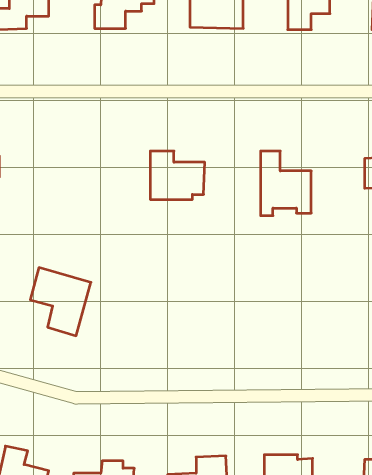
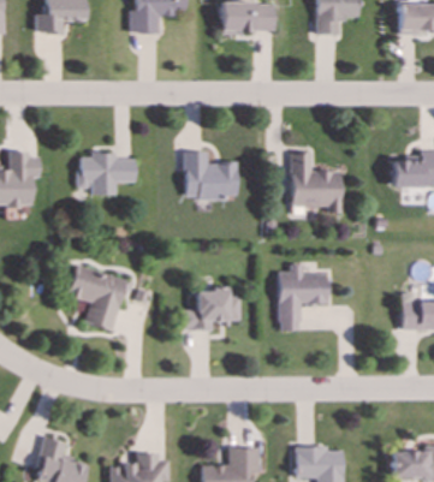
building: none -> [76,151,135,195]
building: none -> [278,263,327,331]
building: none -> [182,288,239,329]

